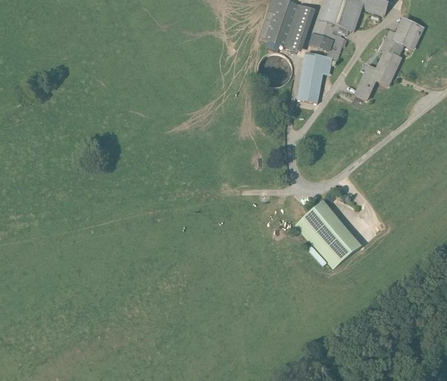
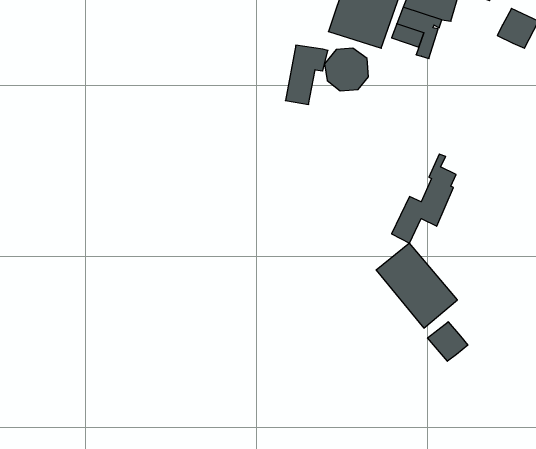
building: [353,31,403,100] -> [392,154,456,243]
building: [299,53,332,99] -> [285,45,328,104]
building: none -> [428,322,468,361]

